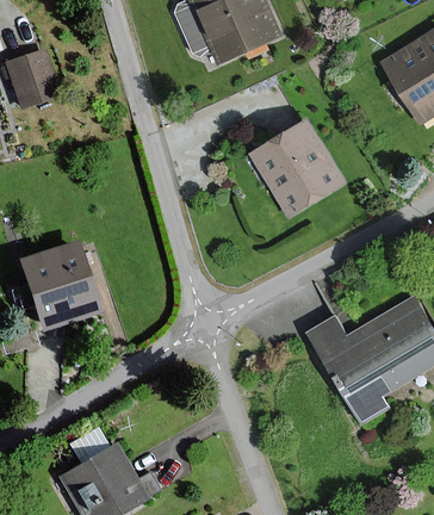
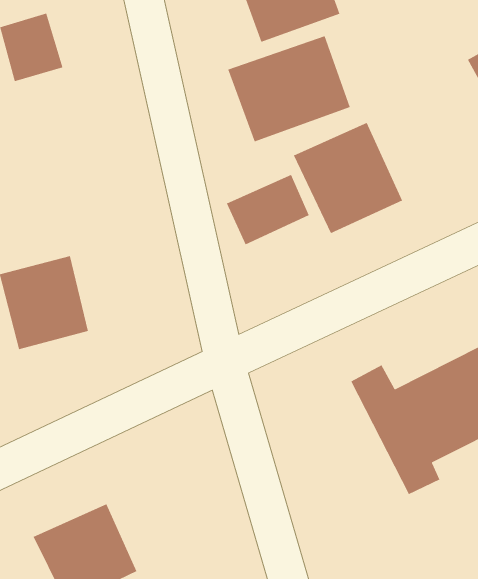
building: none -> [227,35,351,142]
building: none -> [226,174,310,246]

